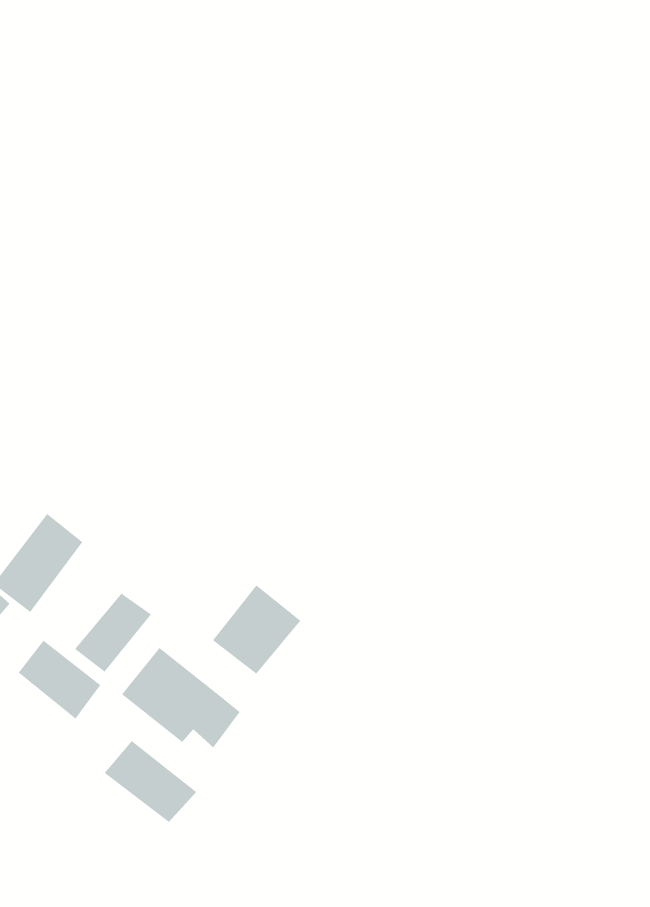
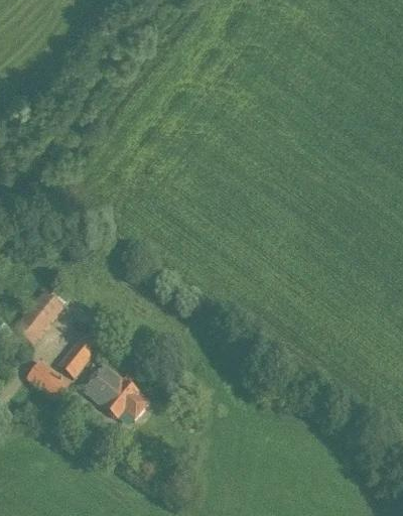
building: [212,585,301,674] -> none
building: [104,740,197,823] -> none

